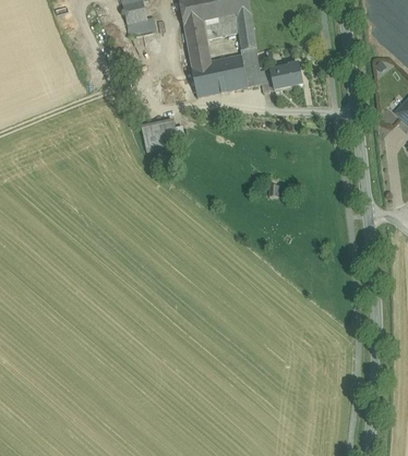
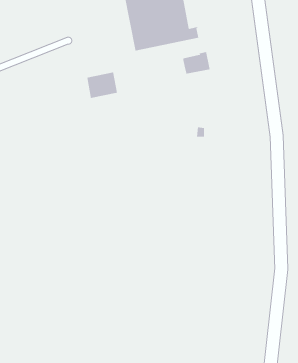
building: [269,61,302,87] -> [182,52,211,74]

